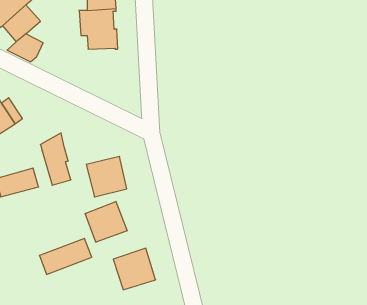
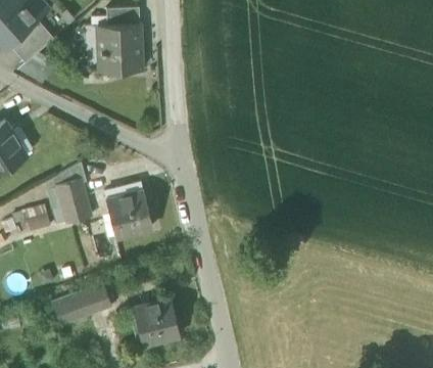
building: [85,201,127,242] -> none

